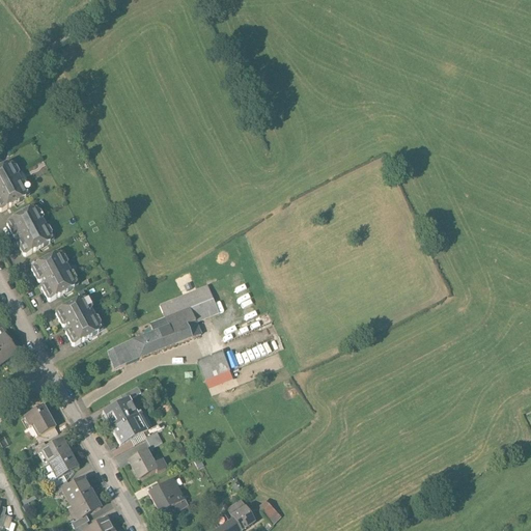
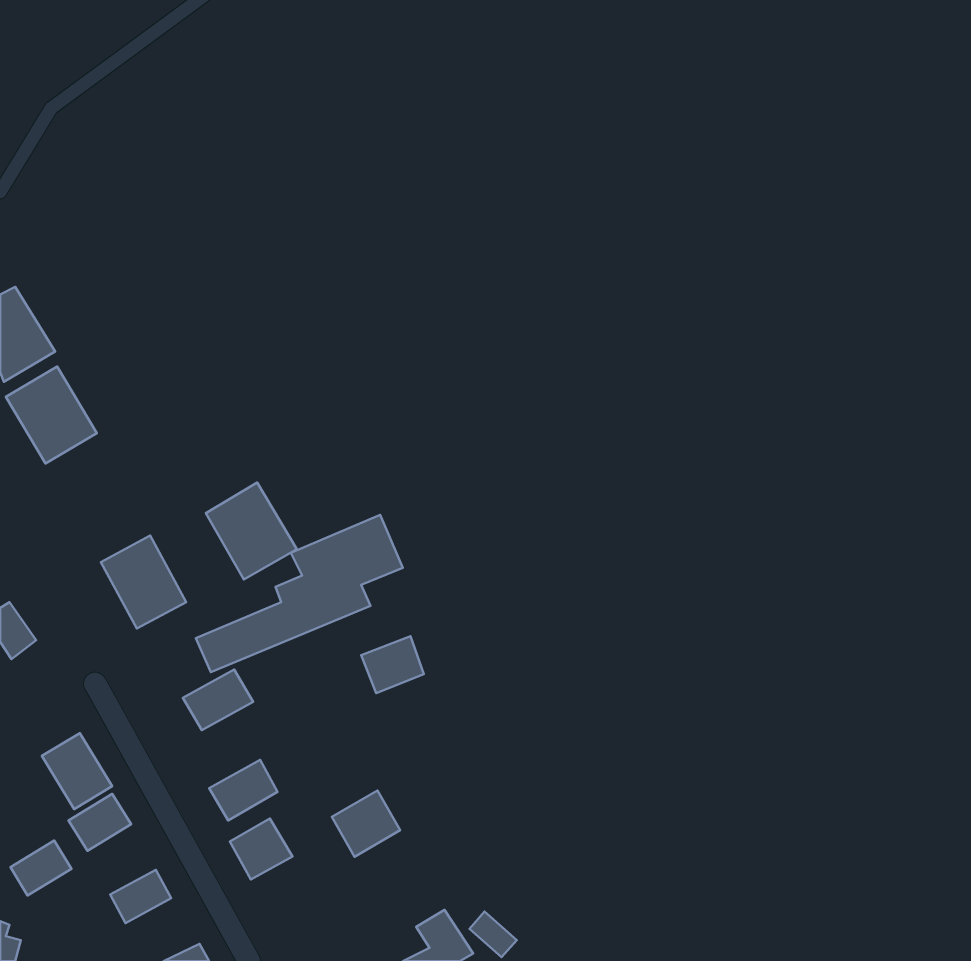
building: [30,247,80,300] -> [206,483,297,580]
building: [104,397,142,430] -> [183,669,253,730]
building: [48,450,81,480] -> [11,840,71,896]
building: [148,477,186,513] -> [332,790,400,857]
building: [68,491,103,521] -> none

